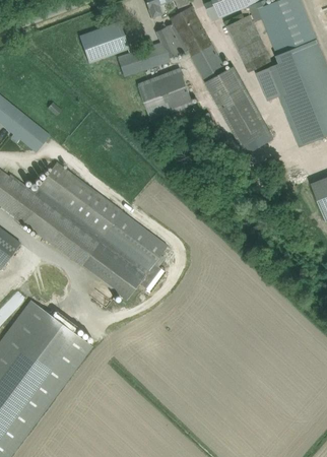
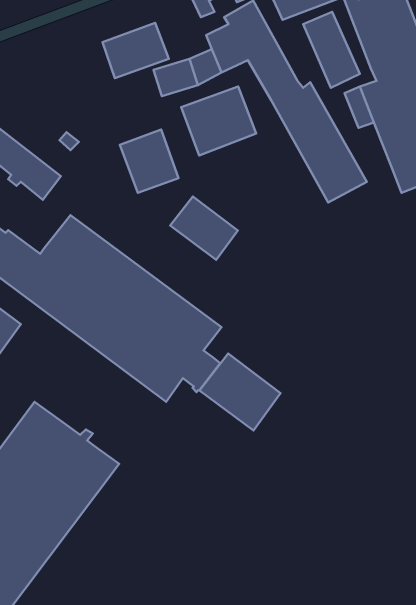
building: none -> [120,130,178,193]
building: none -> [170,196,238,260]
building: none -> [200,354,281,431]

